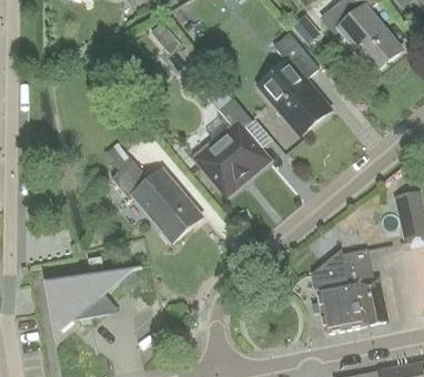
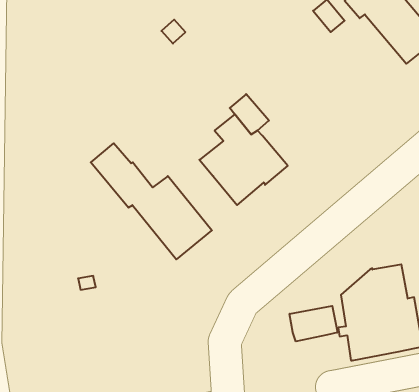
building: [259,31,332,135] -> none
building: [44,266,142,339] -> none
building: none -> [290,306,337,341]

